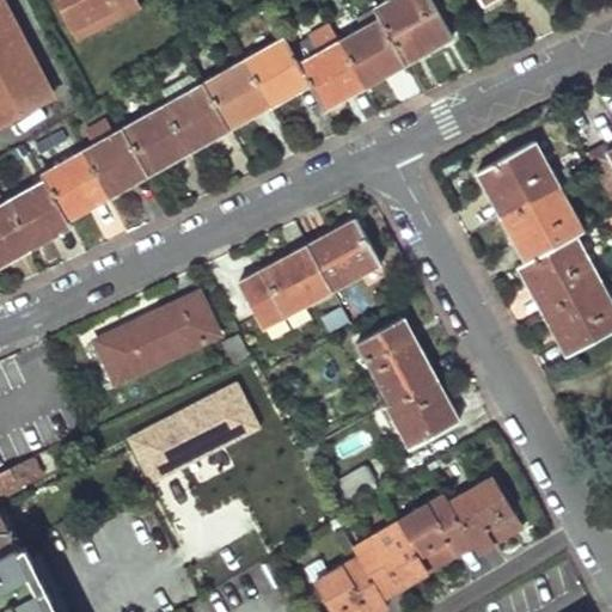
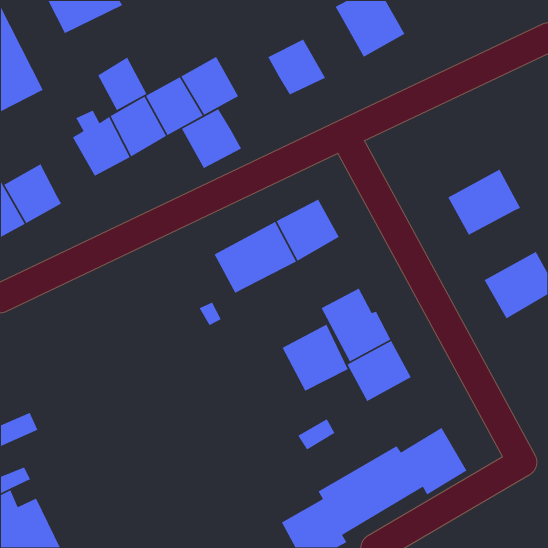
building: [338,7,405,87] -> none
building: [241,39,310,108] -> [181,108,242,169]
building: none -> [97,57,147,111]
building: [476,142,557,220] -> none
building: [39,153,105,219] -> none
building: [515,235,598,312] -> none
building: [96,293,218,381] -> none
building: none -> [281,324,349,392]
building: [128,380,262,482] -> none

